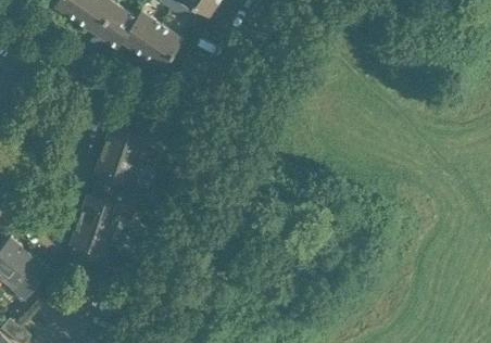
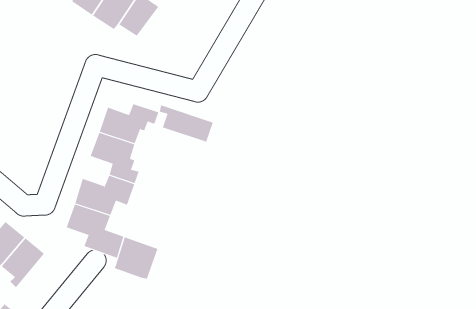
building: [139,26,181,71] -> none
building: none -> [159,105,213,142]
building: none -> [114,237,158,280]

